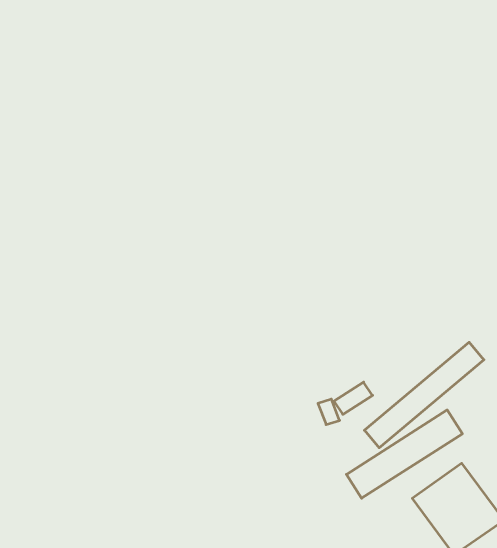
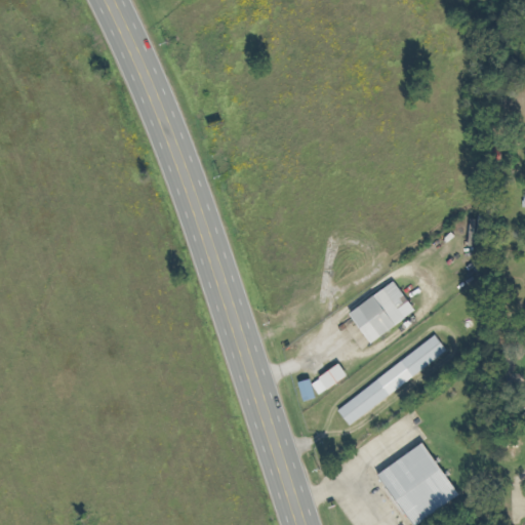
building: none -> [348,280,415,342]
building: [346,410,462,498] -> none

